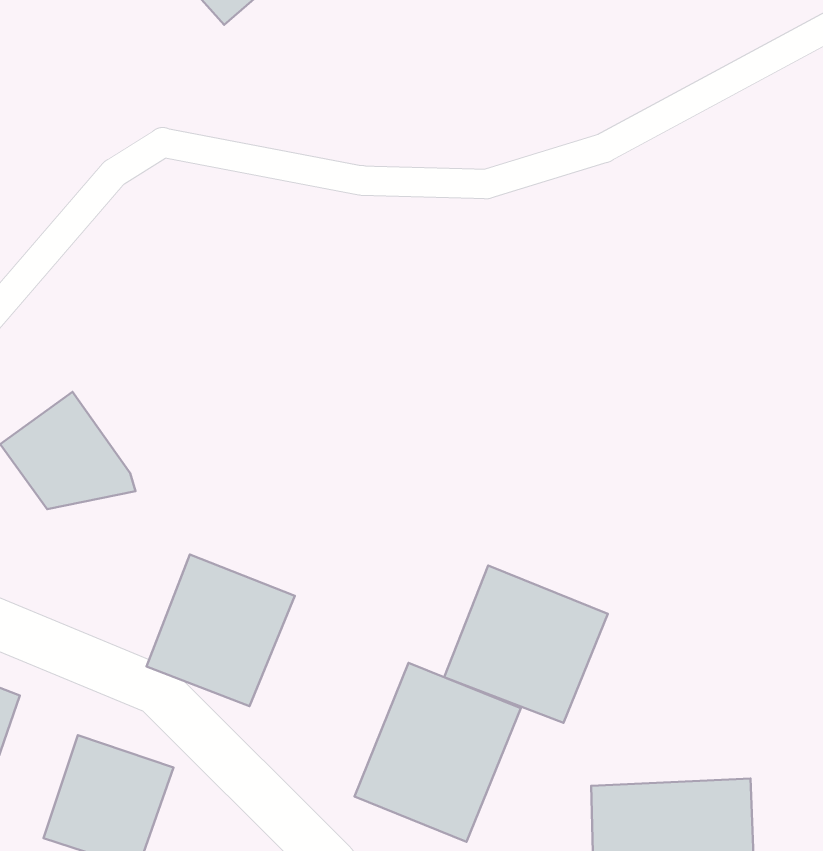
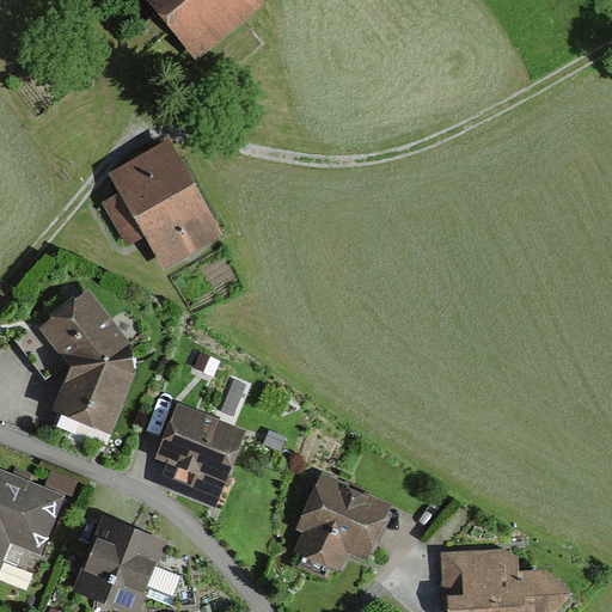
building: none -> [105,143,215,263]
building: none -> [62,360,140,434]
building: [444,565,608,723] -> none

